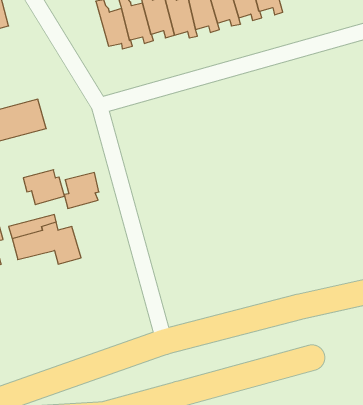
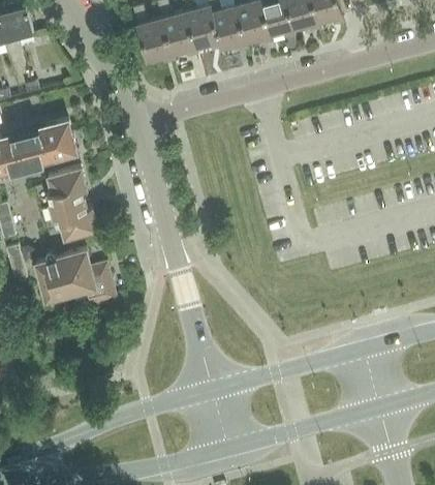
building: [64,173,99,208] -> [46,169,86,209]

